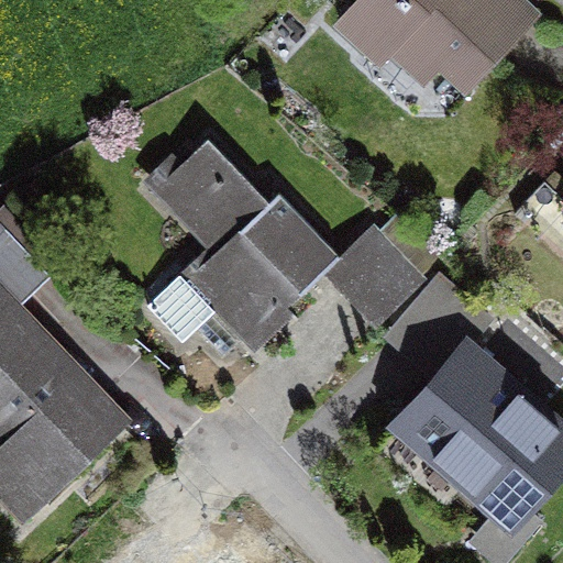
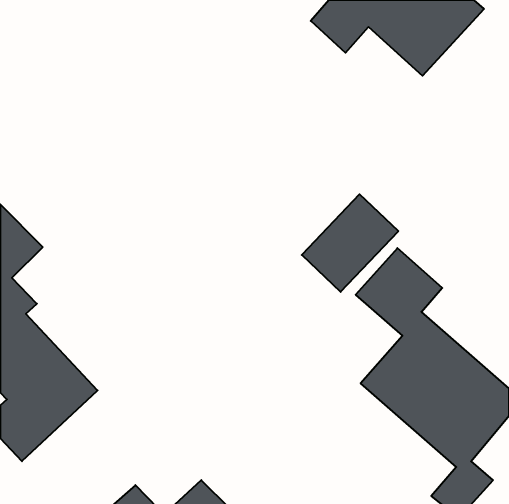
building: [172,143,341,345] -> none

